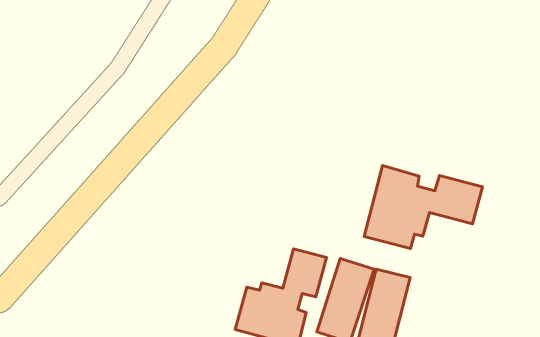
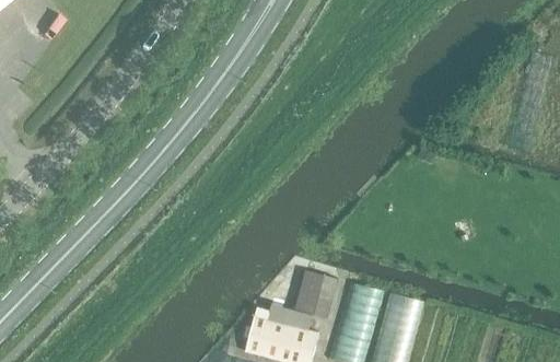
building: [364,166,483,249] -> none

